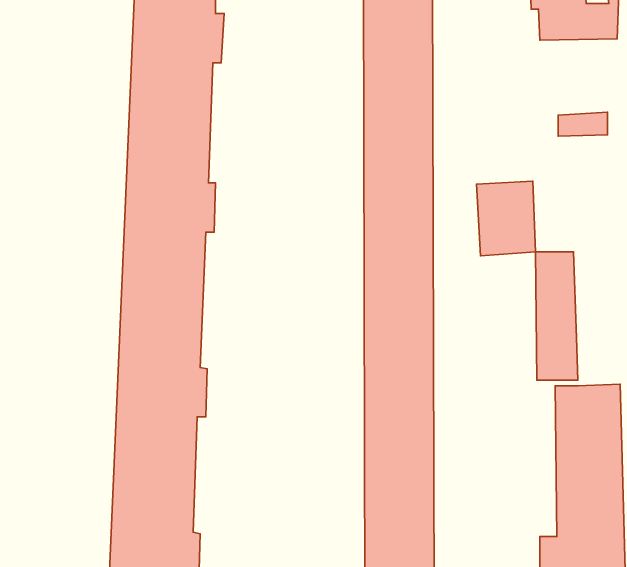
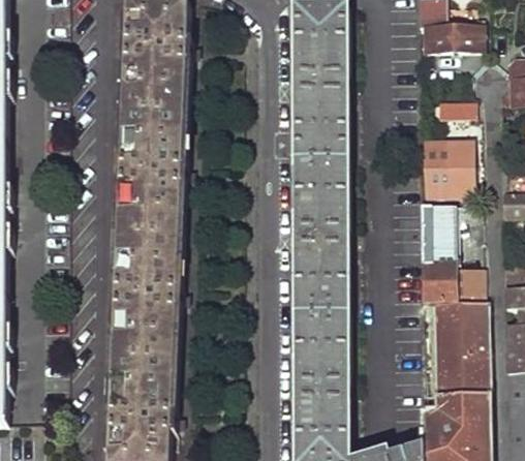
building: [476,181,536,256] -> [427,143,470,197]
building: none -> [452,268,484,304]

